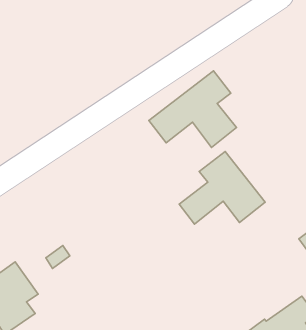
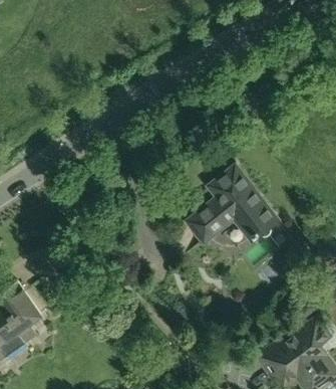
building: [149,71,236,147] -> none

